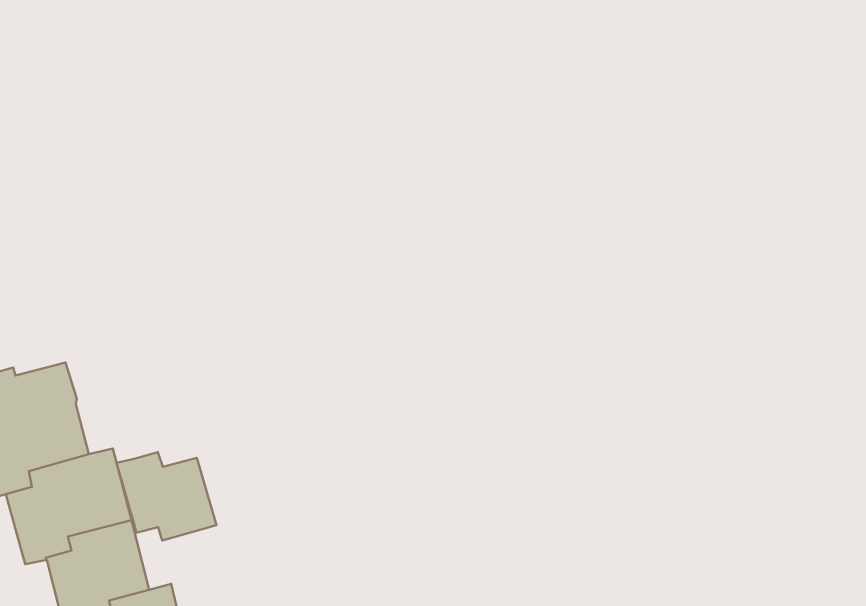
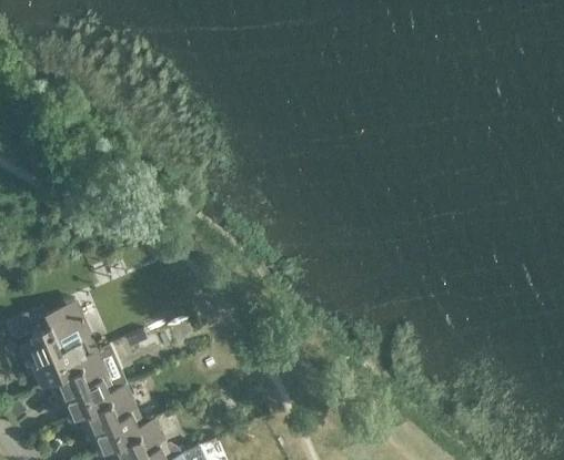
building: [117,452,216,540] -> none

